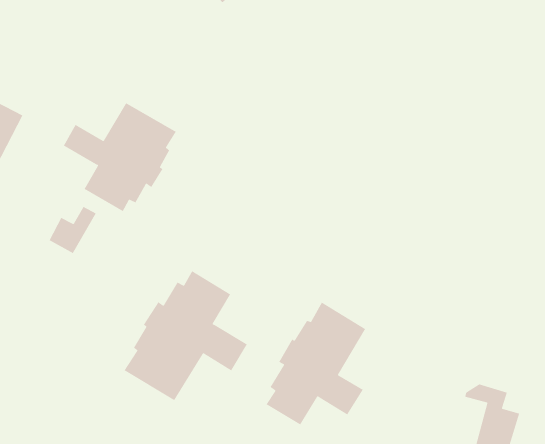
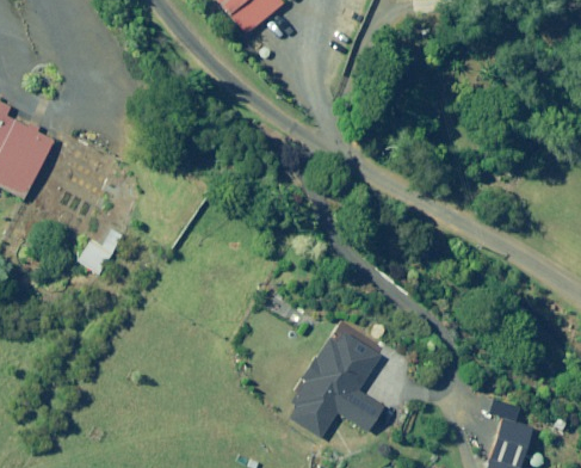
building: [63,102,177,212] -> none
building: [123,270,248,401] -> none

